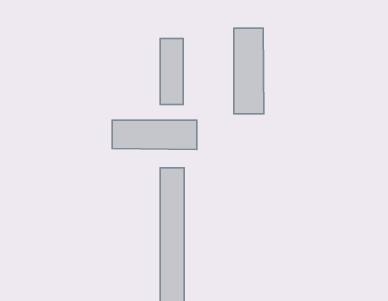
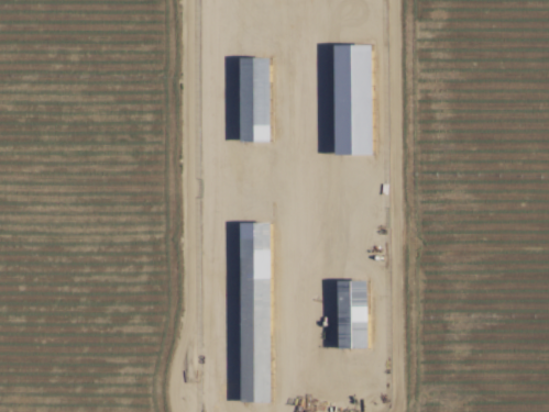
building: [112,120,197,149] -> none
building: none -> [338,281,367,349]

